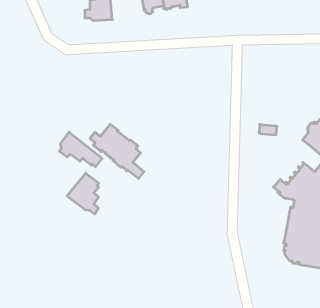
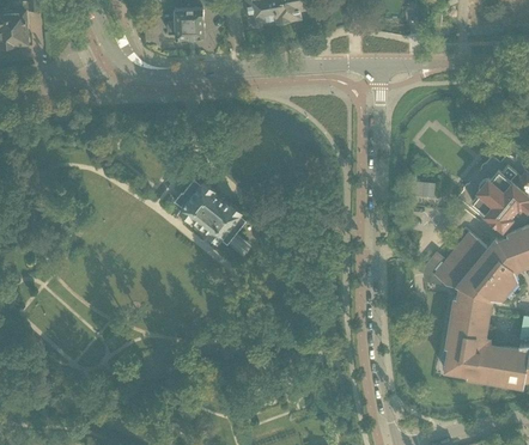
building: [59,132,102,167] -> none
building: [67,173,99,214] -> none

